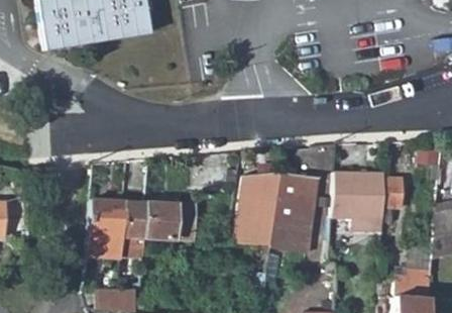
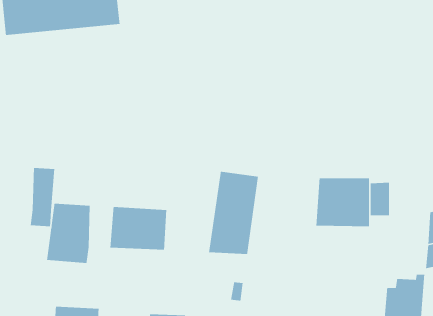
building: [270,174,319,251] -> none
building: [124,200,147,254] -> [30,167,55,227]

